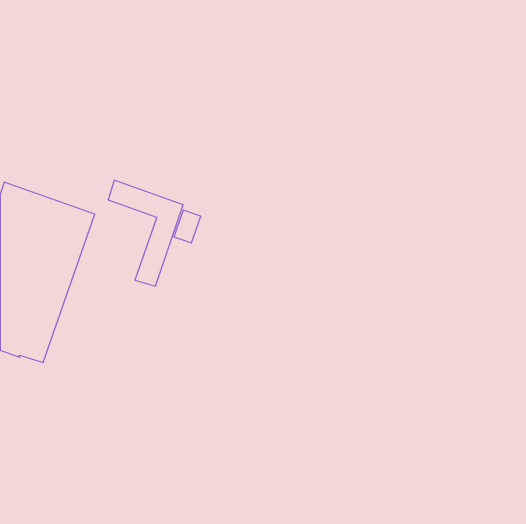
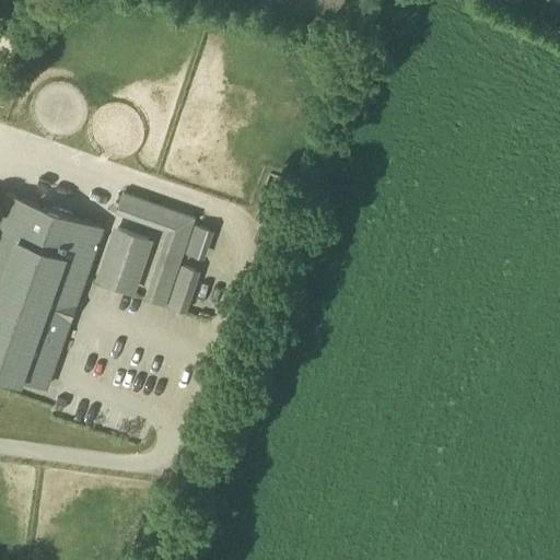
building: none -> [95,229,152,295]
building: none -> [167,266,199,314]

